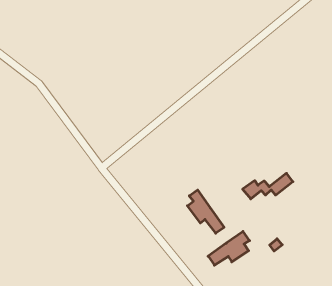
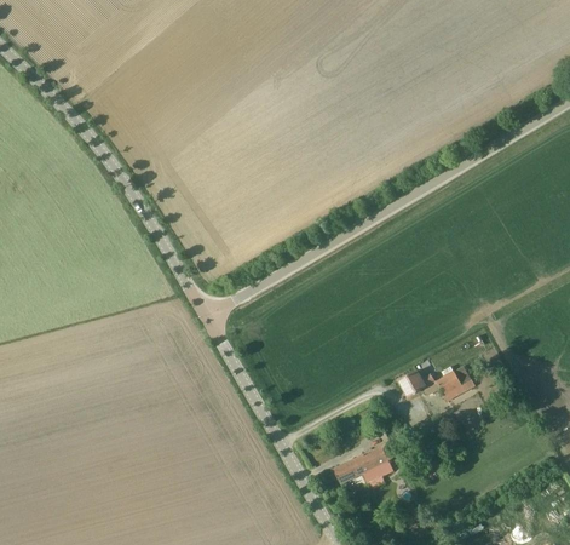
building: [187,190,224,233] -> none

